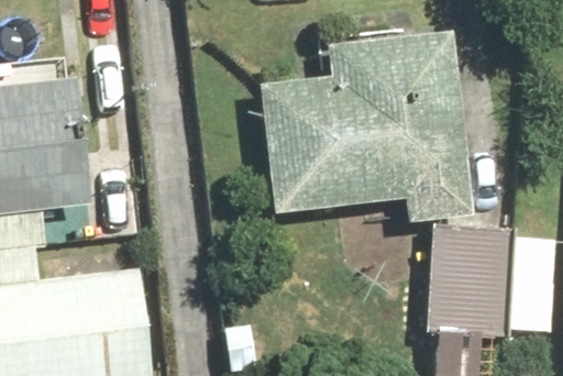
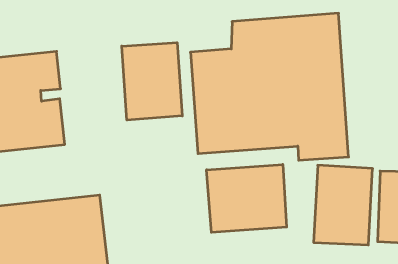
building: none -> [122,43,182,120]
building: none -> [207,164,287,232]

